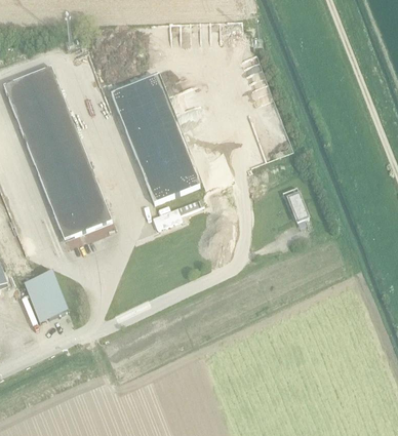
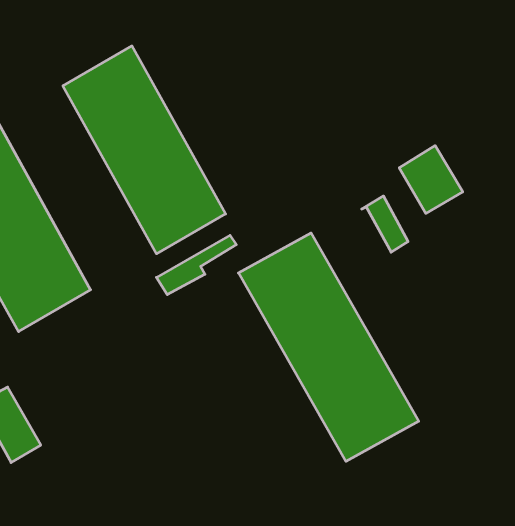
building: none -> [399,146,463,213]
building: none -> [238,233,419,461]

